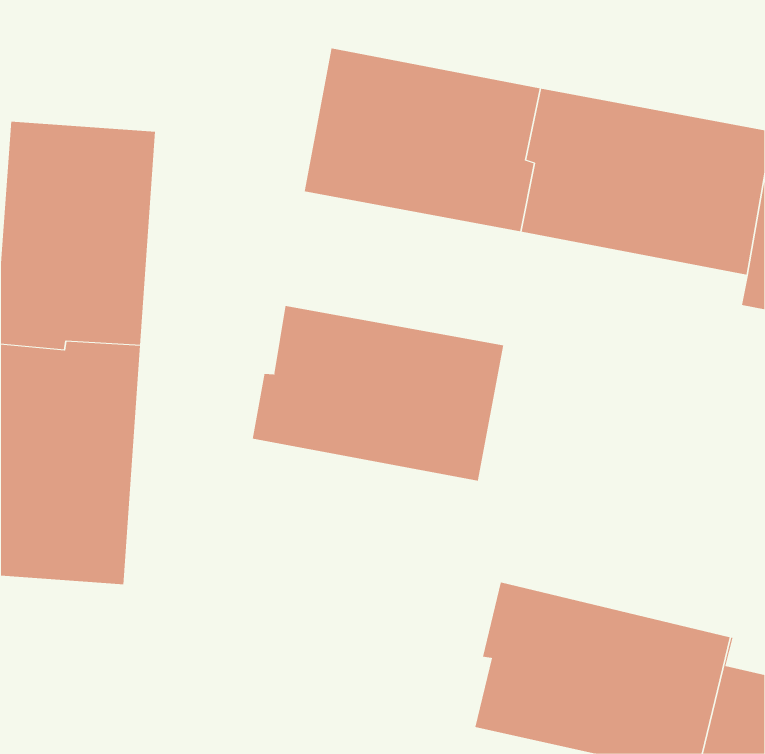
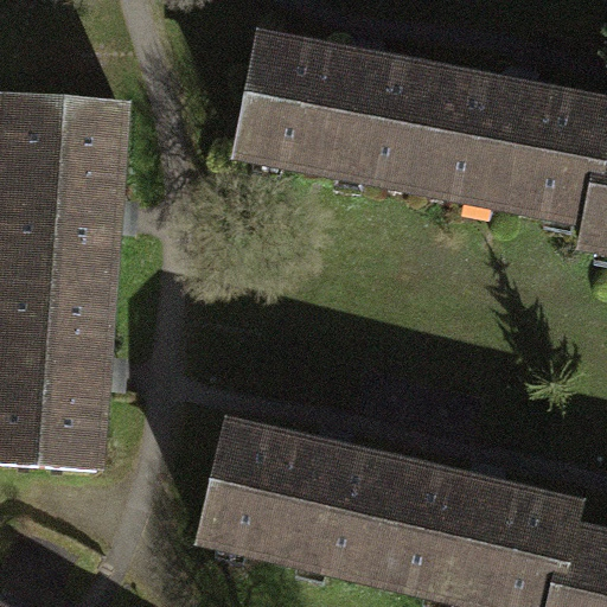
building: [252,305,504,482] -> none
building: none -> [204,423,396,576]

